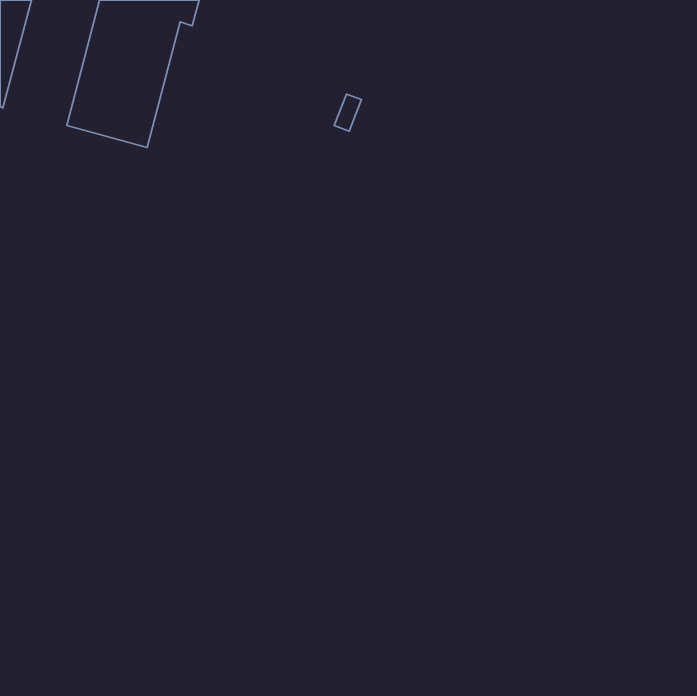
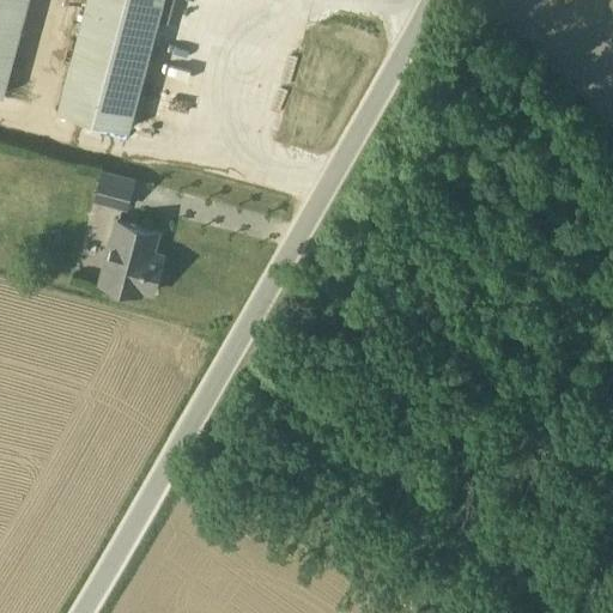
building: none -> [95,171,134,208]
building: none -> [99,220,164,295]

